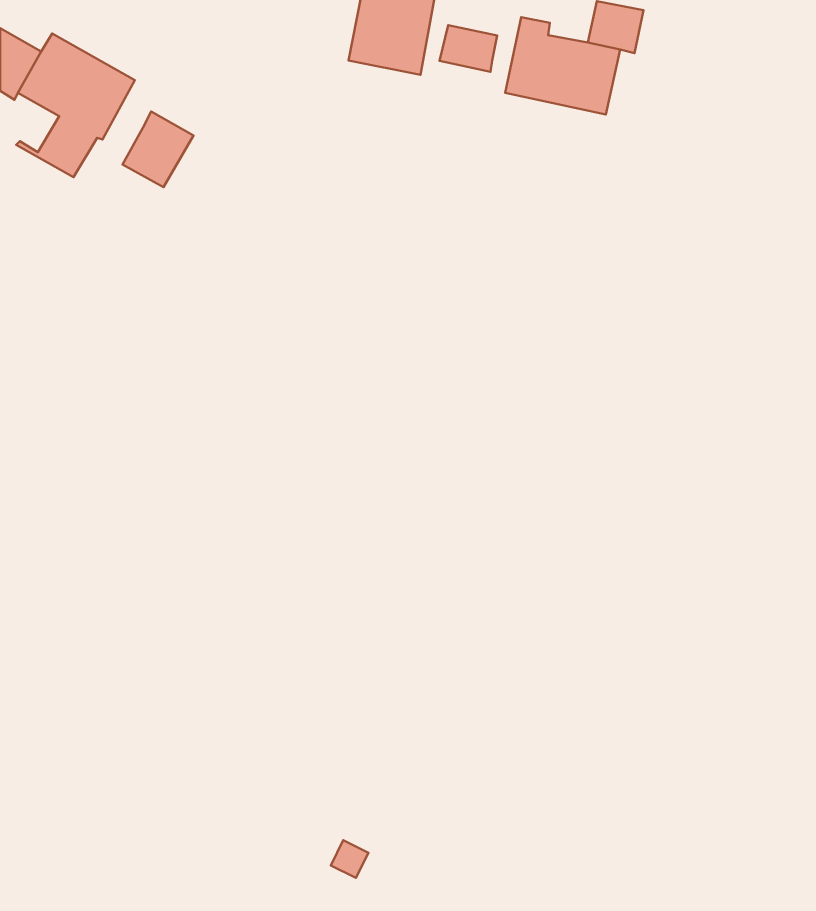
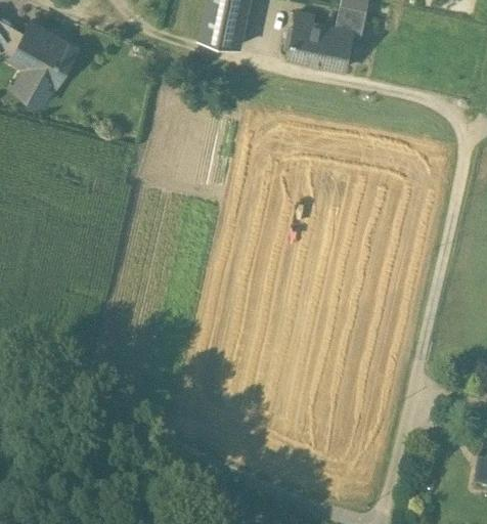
building: [440,25,497,72] -> none
building: [123,111,194,187] -> none

